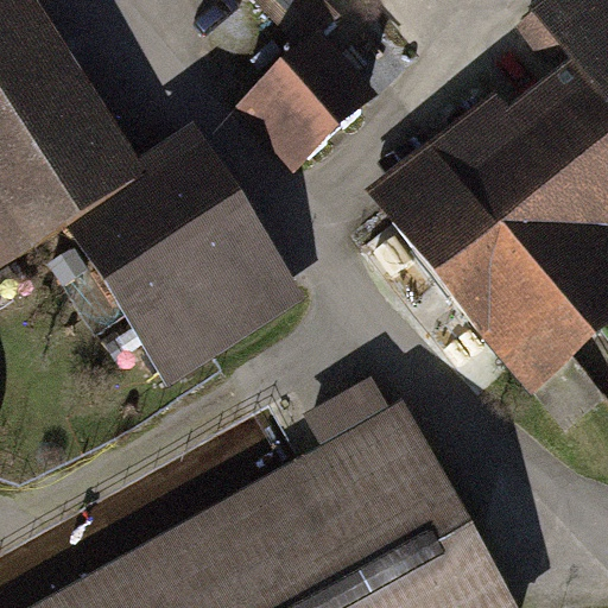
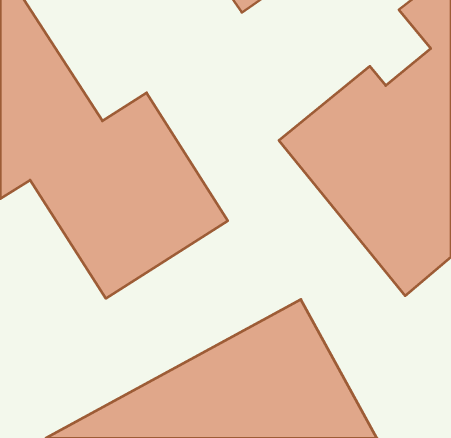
building: [242,37,381,172] -> none

